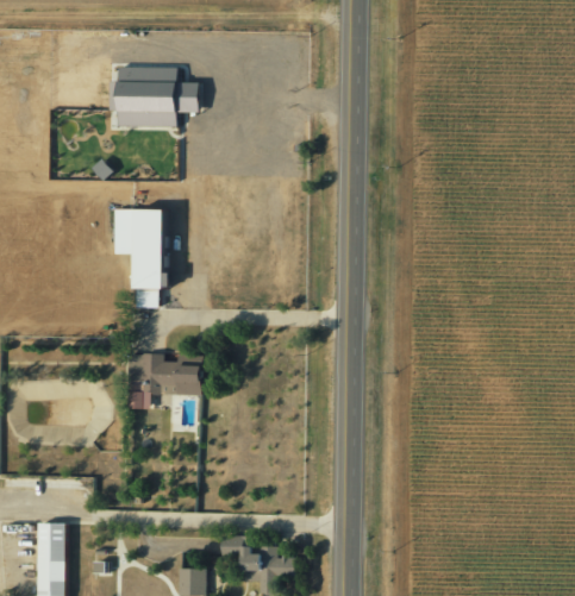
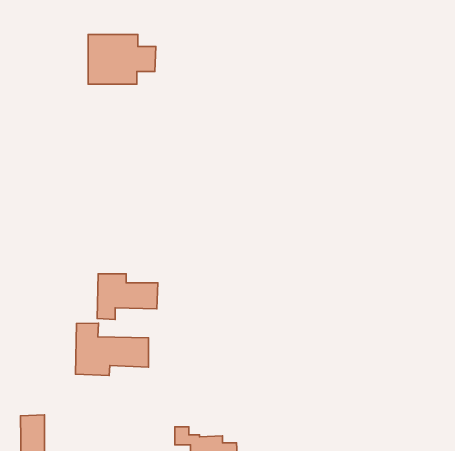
building: [112,208,168,307] -> none
building: none -> [75,323,149,376]

